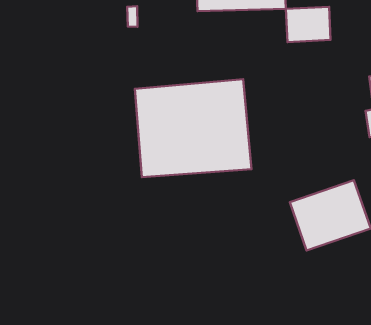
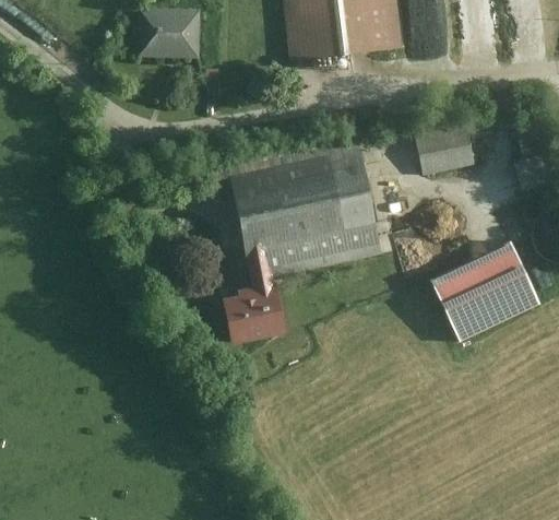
building: [286,7,331,42] -> [415,121,474,170]
building: none -> [226,269,285,339]

